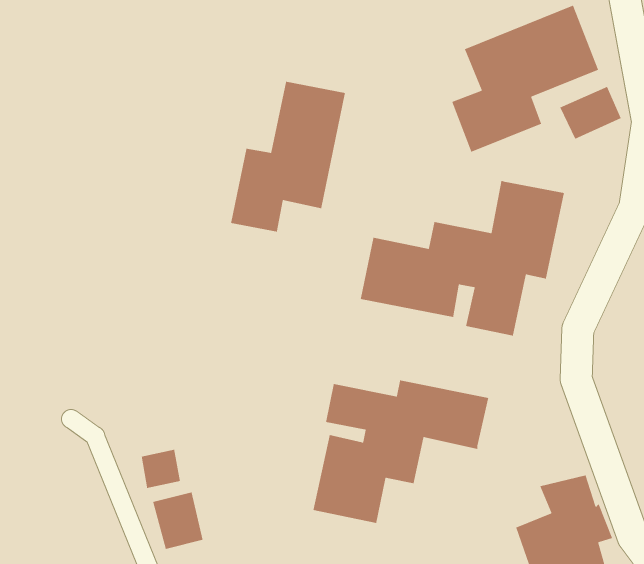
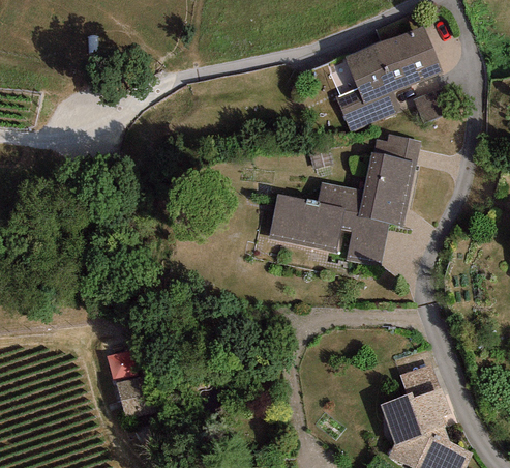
building: [230,81,346,233] -> none
building: none -> [373,134,421,162]
building: [312,380,489,524] -> none

